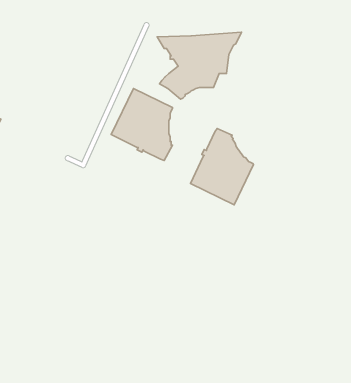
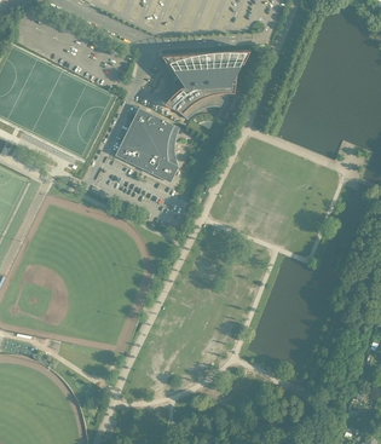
building: [190,128,254,205] -> none

